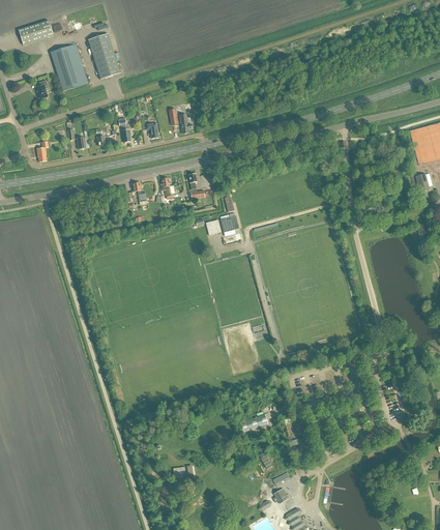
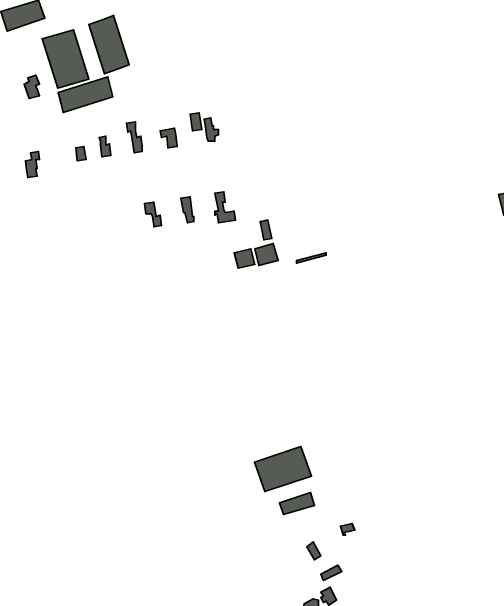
building: none -> [58,77,113,112]
building: none -> [254,447,311,492]

